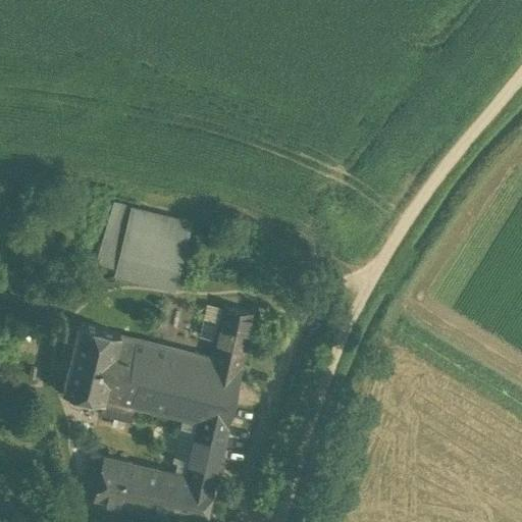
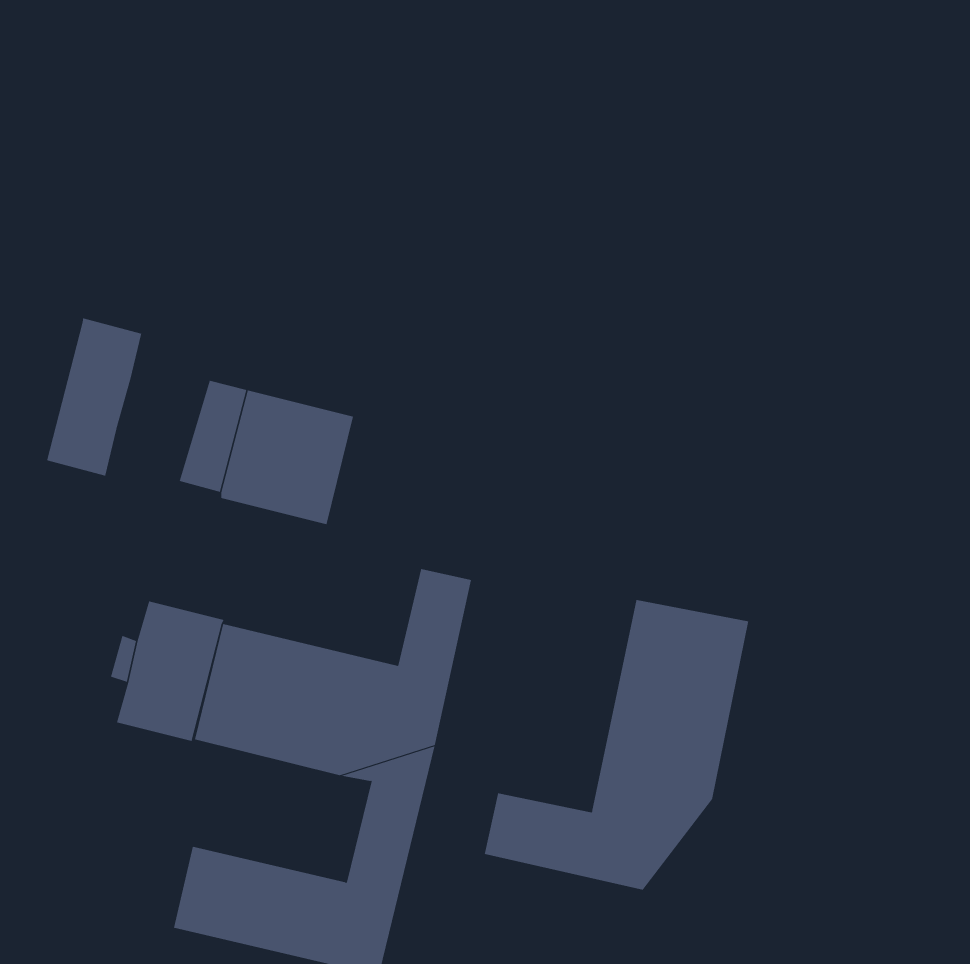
building: none -> [46,317,142,477]
building: none -> [484,599,749,891]

